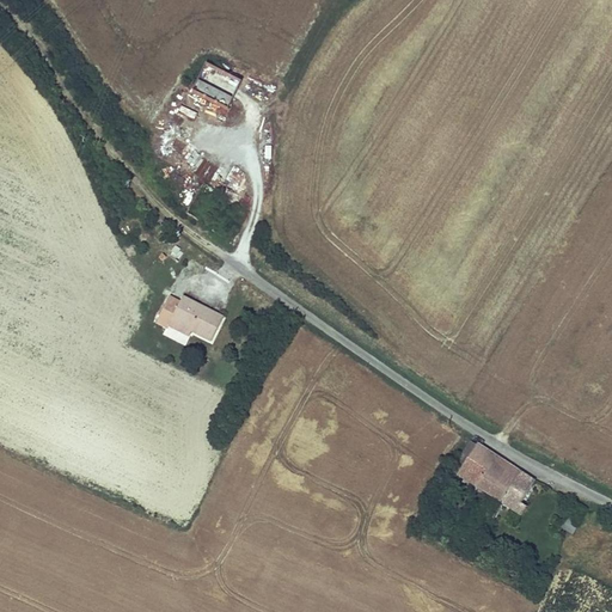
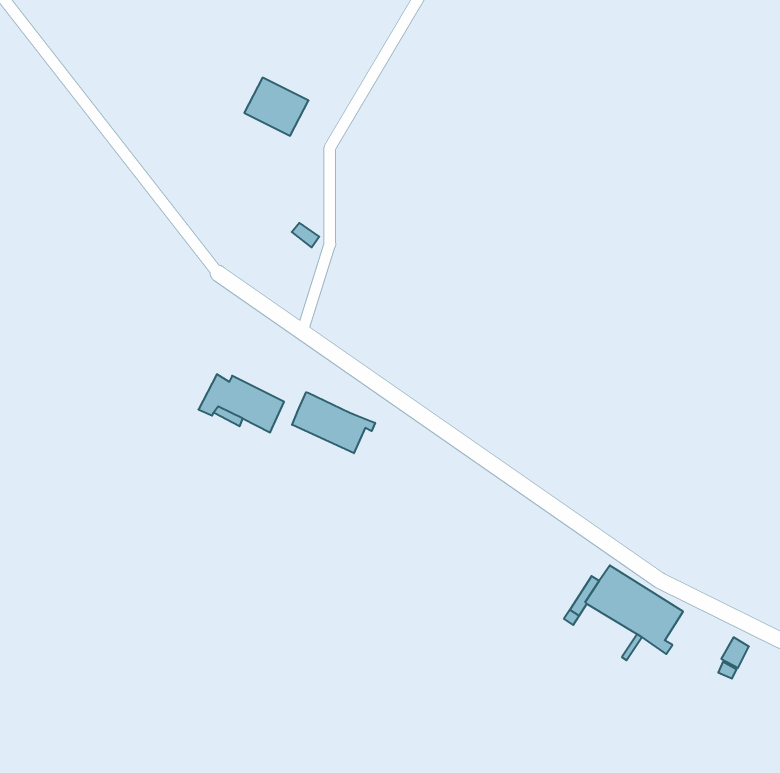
building: none -> [292,392,375,453]

